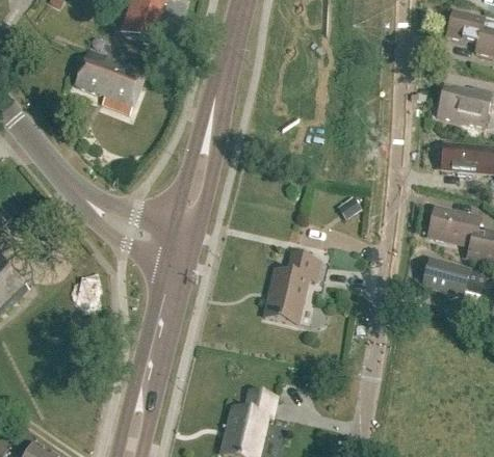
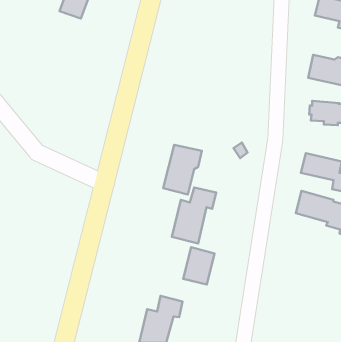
building: [75,49,146,111] -> none
building: none -> [163,145,202,195]
building: none -> [183,247,214,284]

